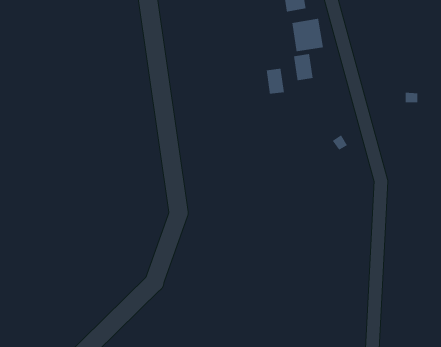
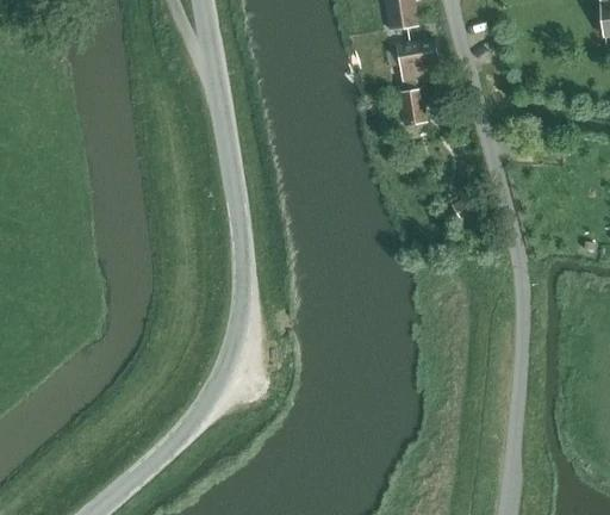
building: [266,68,284,95] -> none

